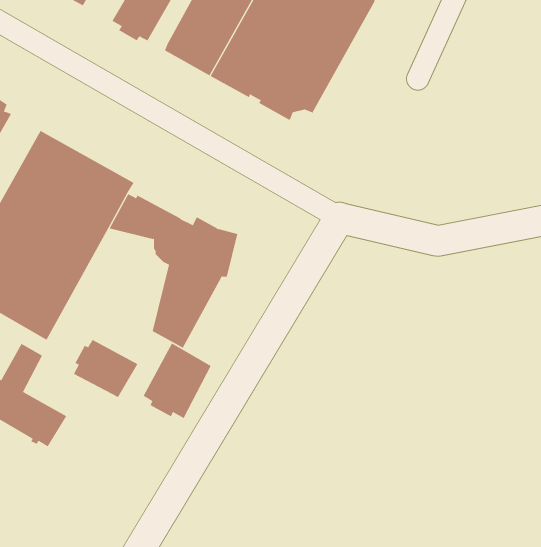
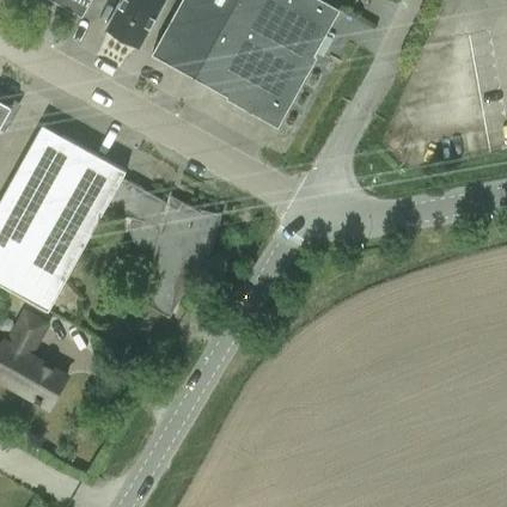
building: [73,339,138,398] -> none
building: [143,342,212,419] -> none

